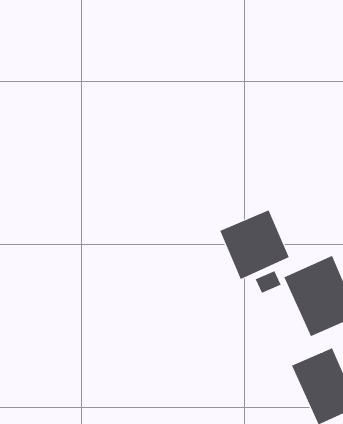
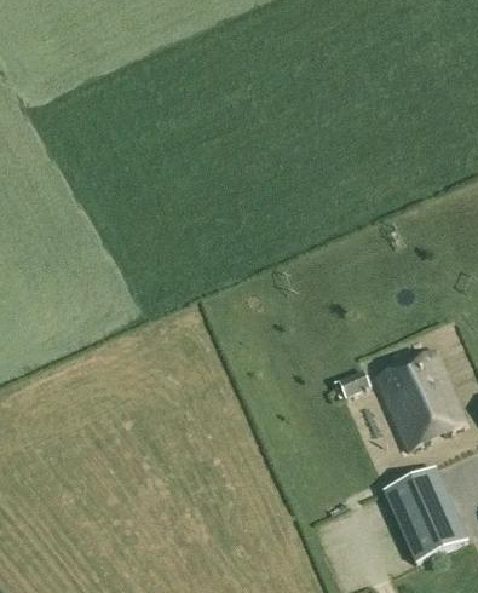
building: [220,210,290,280] -> none

